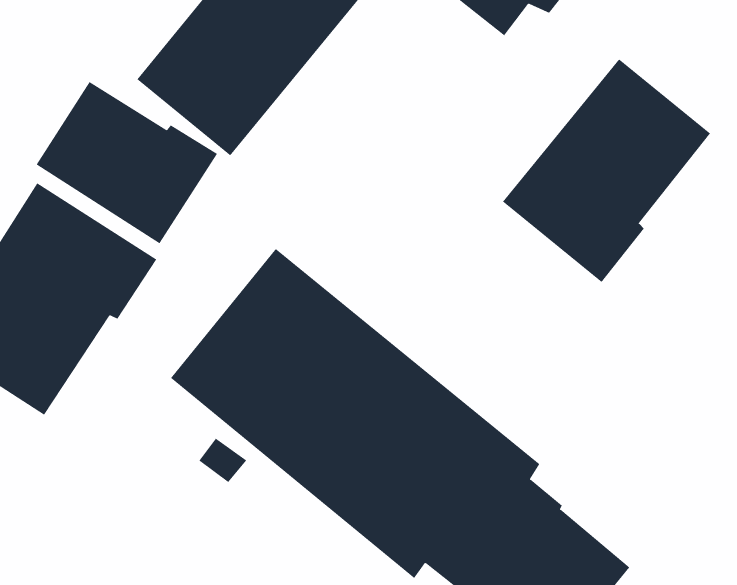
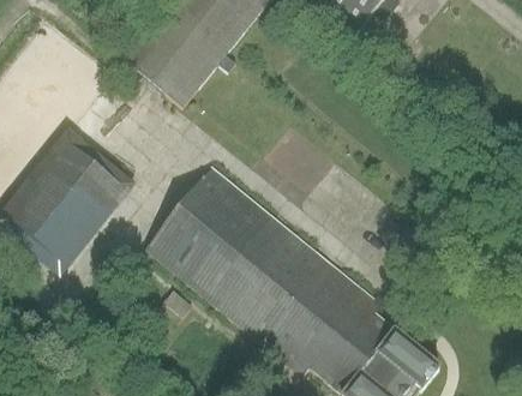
building: [502,59,711,283] -> none
building: [36,81,218,244] -> none

